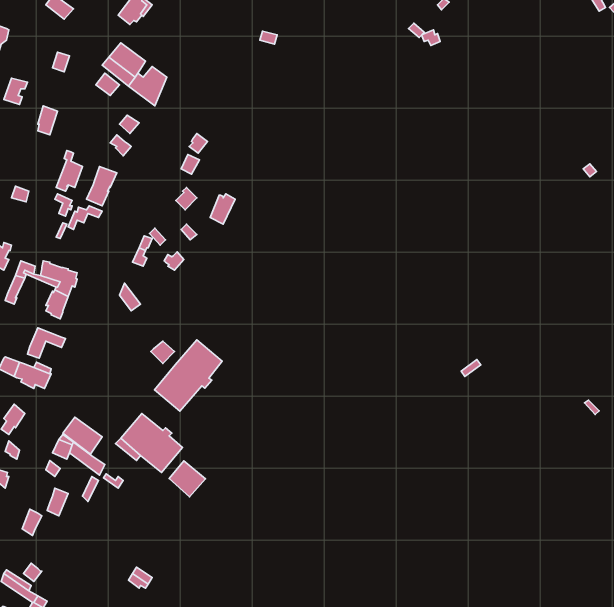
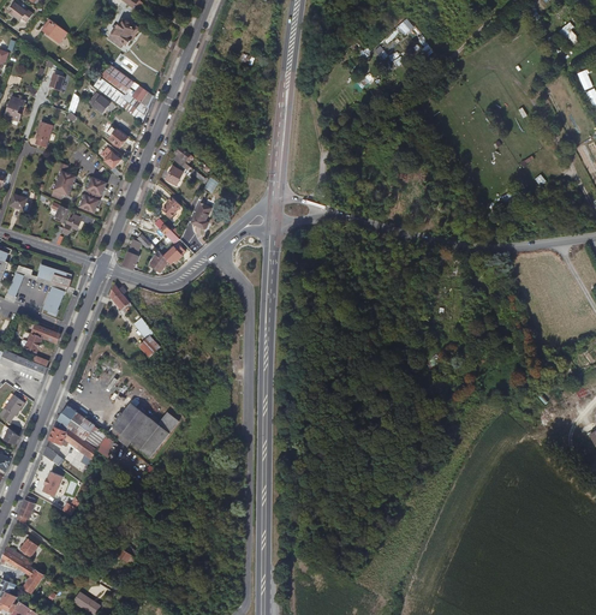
building: [155,340,222,411] -> none
building: [169,461,206,497] -> none

